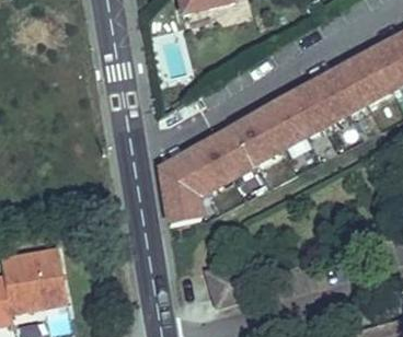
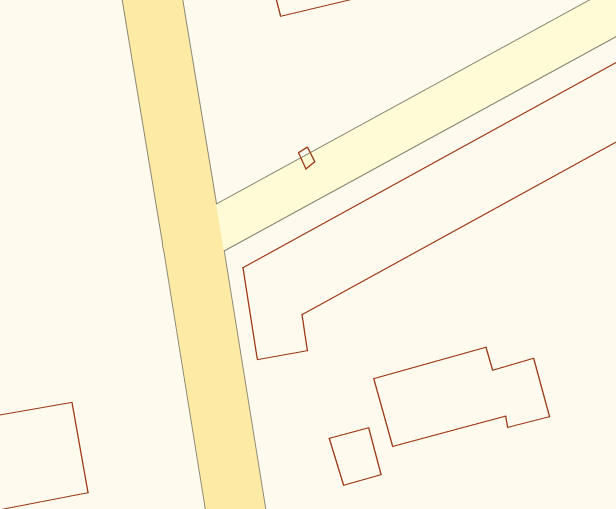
building: none -> [374,347,549,447]

